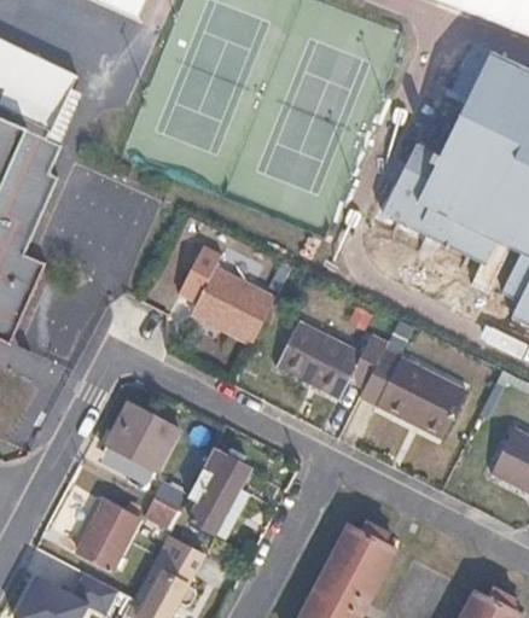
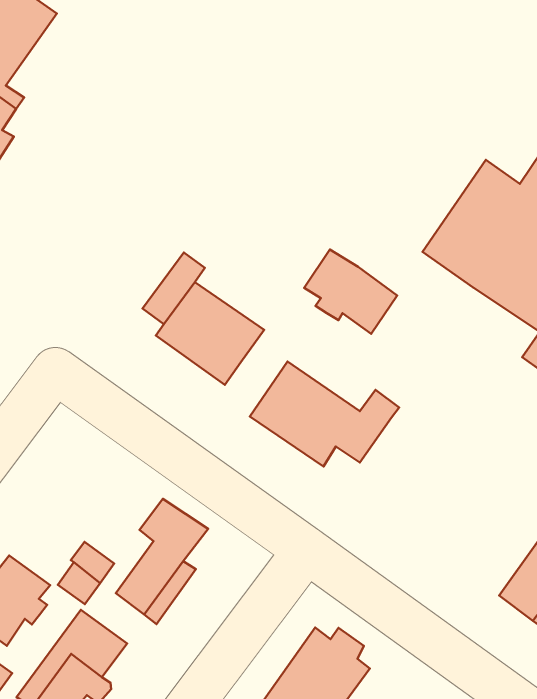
building: none -> [304,250,397,334]
building: [359,350,463,438] -> none
building: [105,403,179,472] -> none

